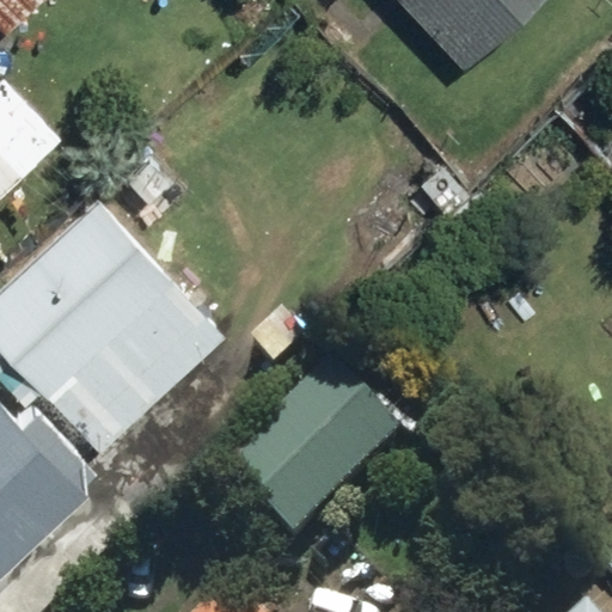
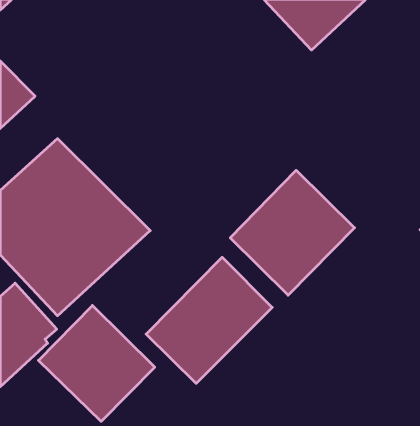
building: none -> [230,170,355,295]
building: none -> [38,305,155,421]

